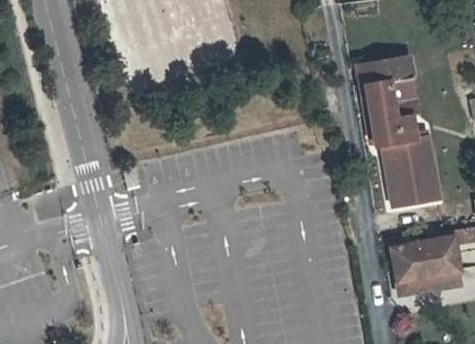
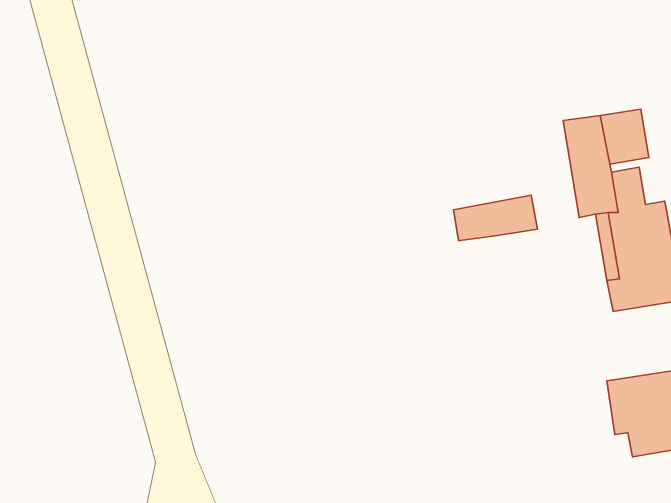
building: [361,55,413,83] -> [454,195,538,240]

